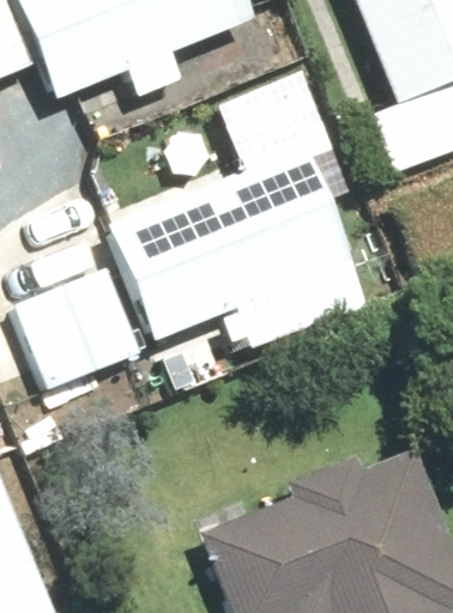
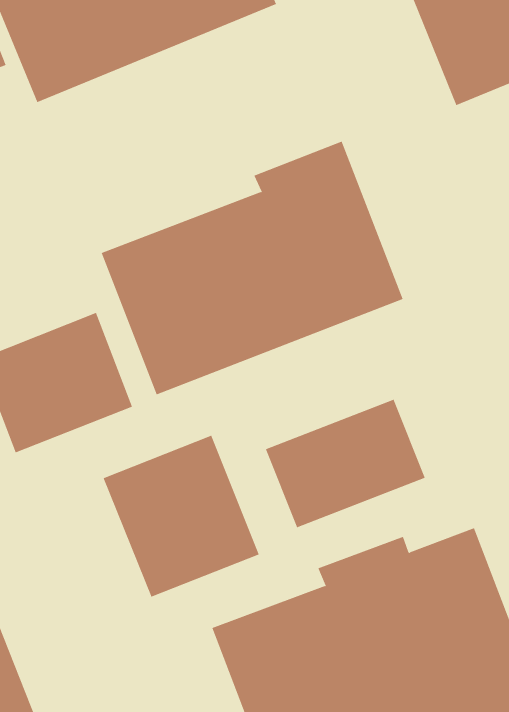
building: none -> [265,399,426,528]
building: none -> [103,435,260,598]

